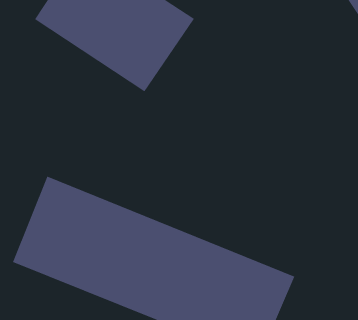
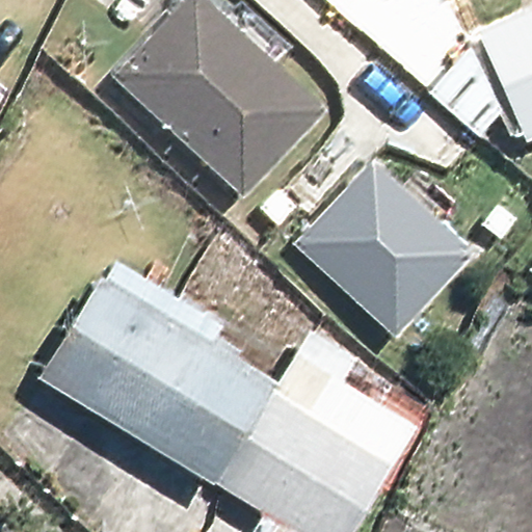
building: none -> [310,158,482,328]

